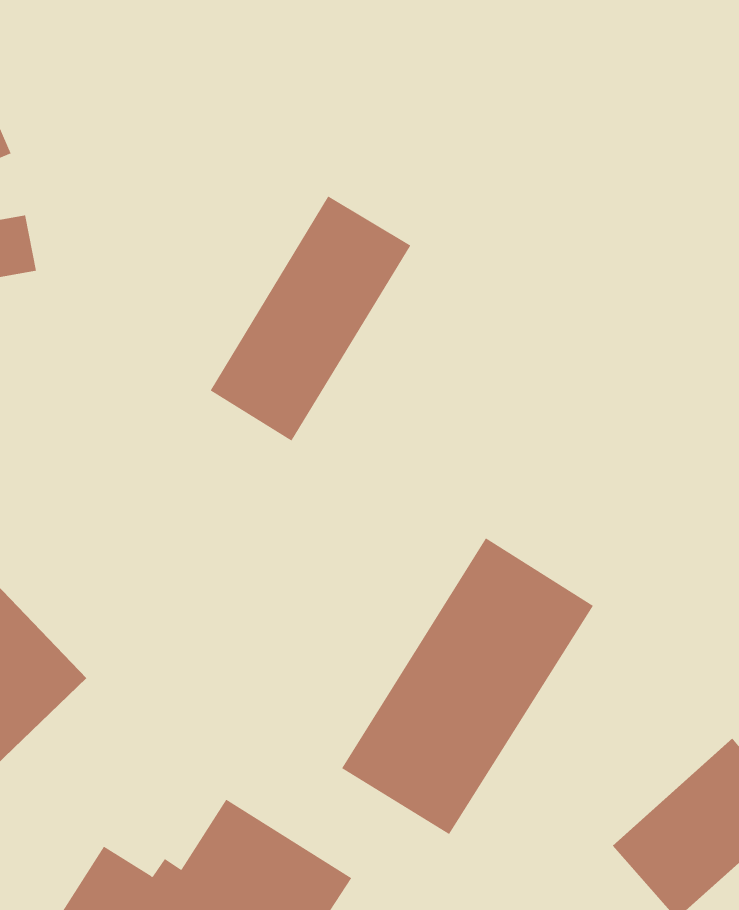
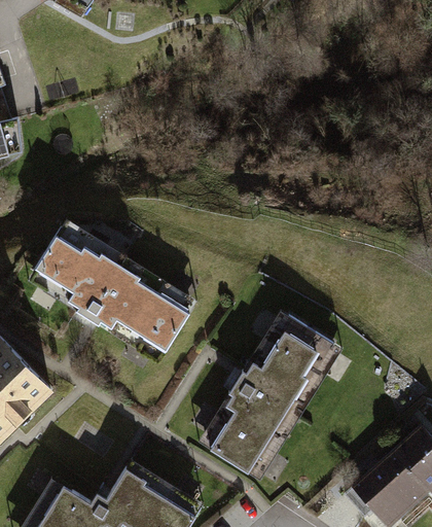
building: [210,195,411,441] -> none
building: none -> [26,220,194,360]

